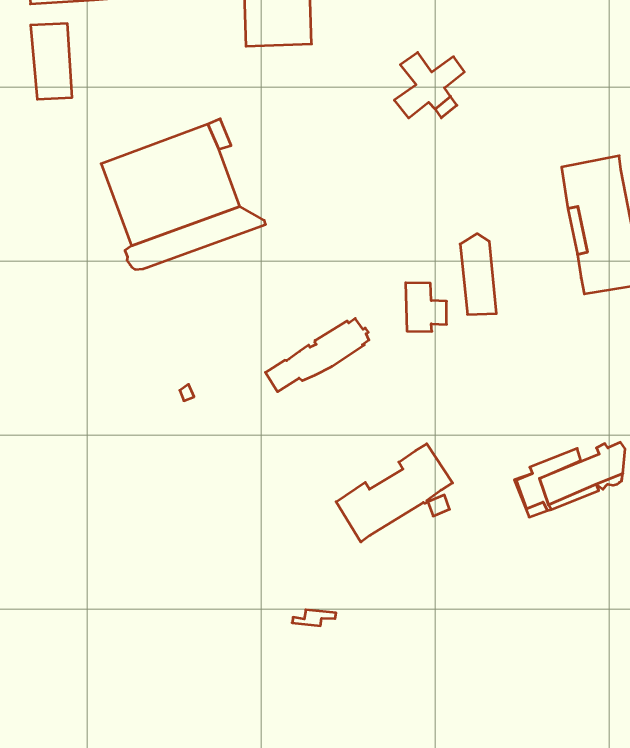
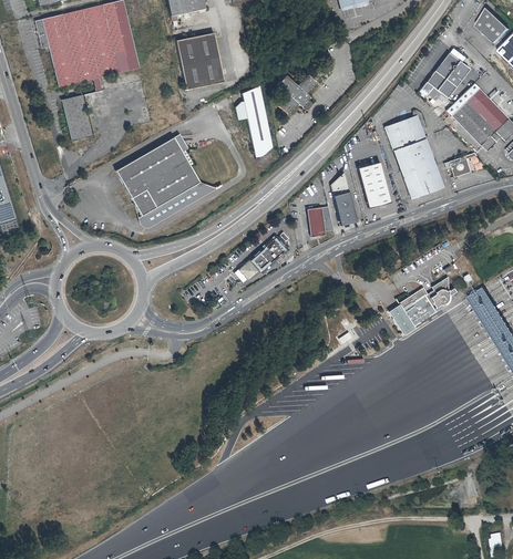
building: none -> [236,85,274,157]
building: none -> [360,161,393,207]
building: [336,444,453,542] -> none

